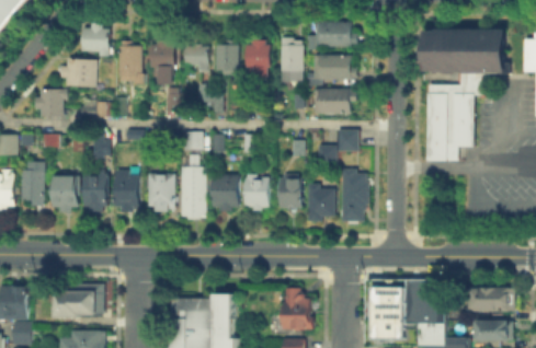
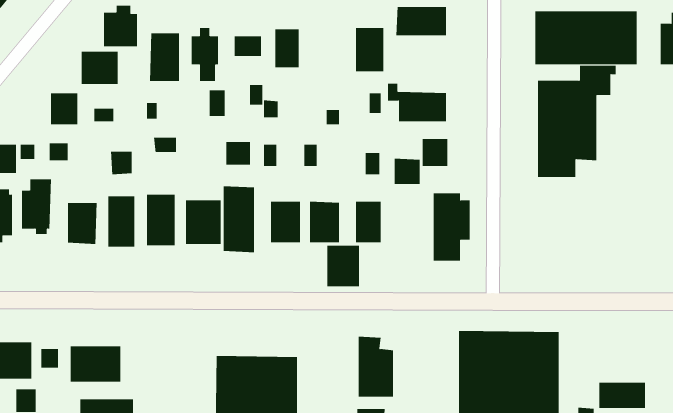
building: [247,45,272,79] -> none
building: [316,56,355,82] -> none
building: [309,188,335,221] -> [326,245,360,287]
building: [467,286,514,311] -> none

